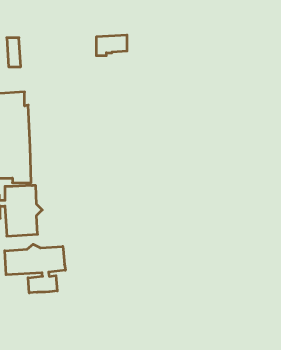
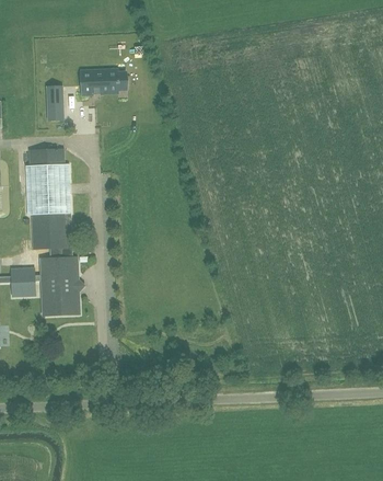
building: [96,35,127,56] -> [79,70,115,94]
building: [5,244,65,293] -> none

